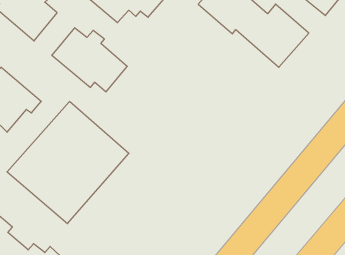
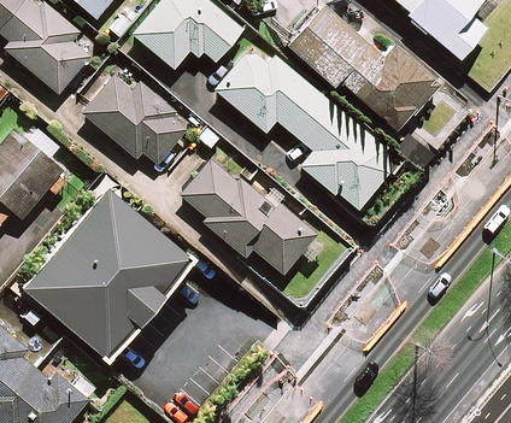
building: none -> [215,48,389,207]
building: none -> [181,157,327,274]

